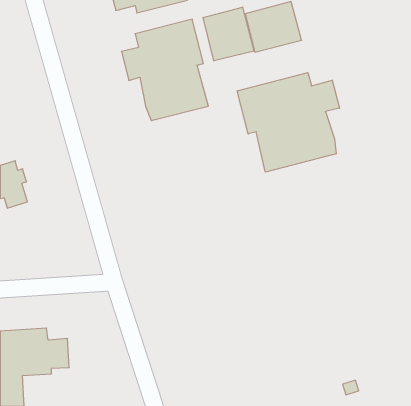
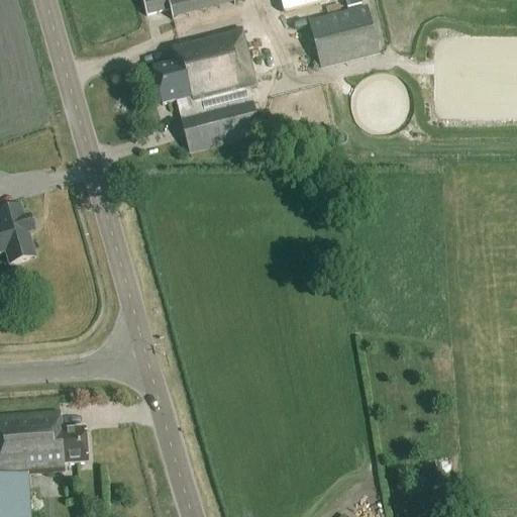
building: [203,7,254,61] -> none
building: [237,73,340,172] -> none

